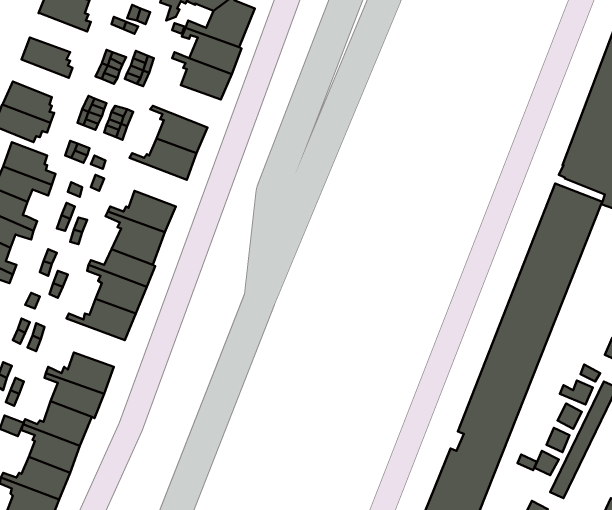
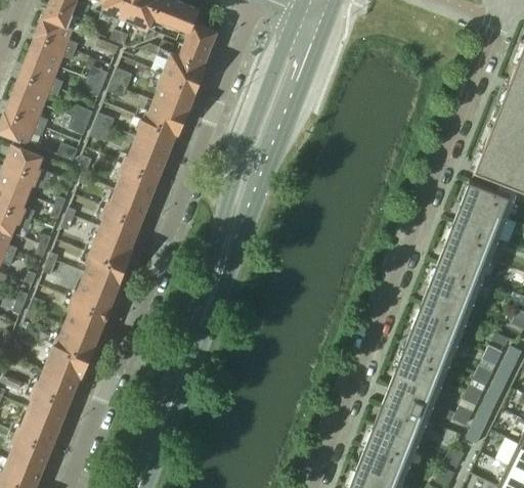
building: none -> [29,36,77,69]
building: none -> [14,75,61,106]
building: none -> [132,96,189,133]
building: none -> [111,158,161,198]
building: none -> [58,293,108,334]

